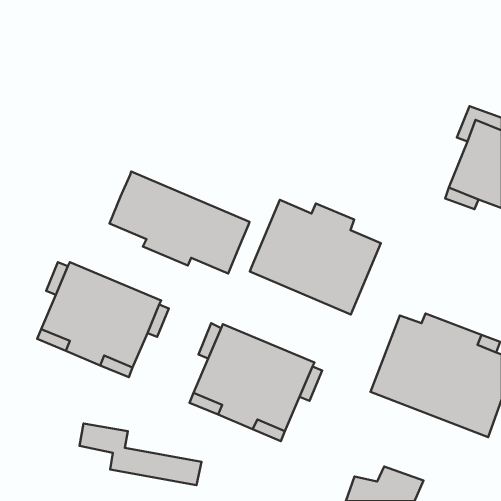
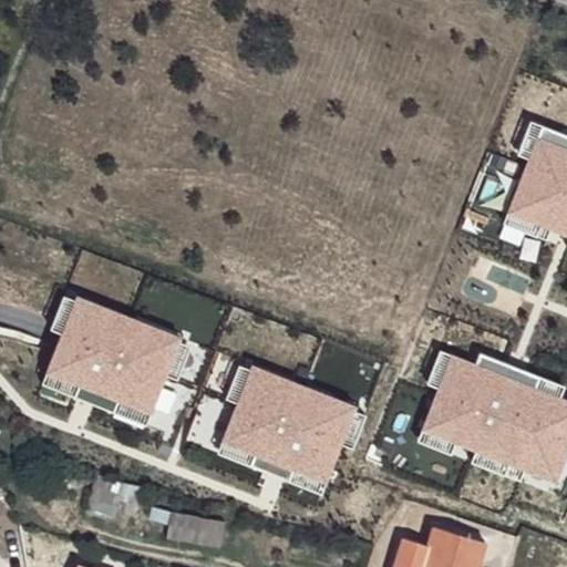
building: [110,171,250,274] -> none
building: [250,200,381,315] -> none

